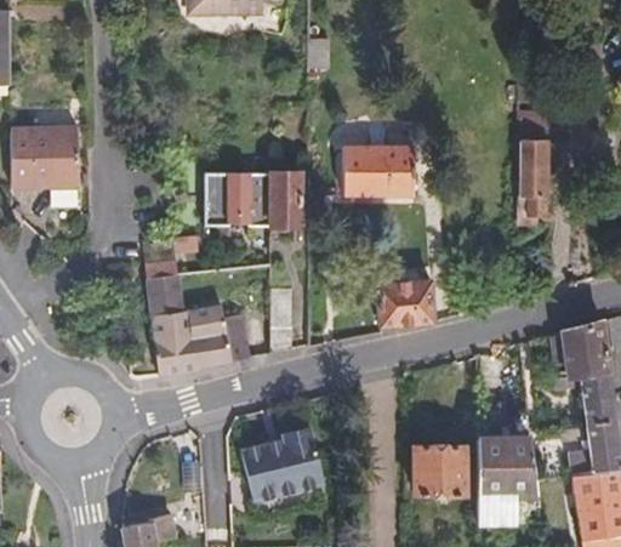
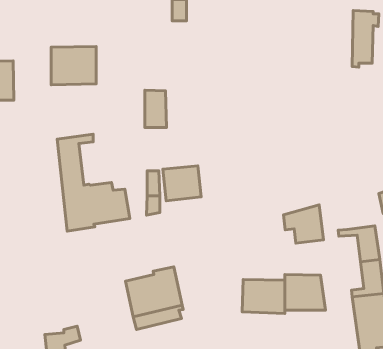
building: [522,138,560,221] -> [352,11,379,67]
building: [344,148,416,195] -> none
building: [205,170,270,226] -> [51,46,96,85]
building: [377,278,433,329] -> [163,166,201,201]
building: [547,317,605,372] -> [283,205,323,243]
building: [478,490,515,526] -> none

